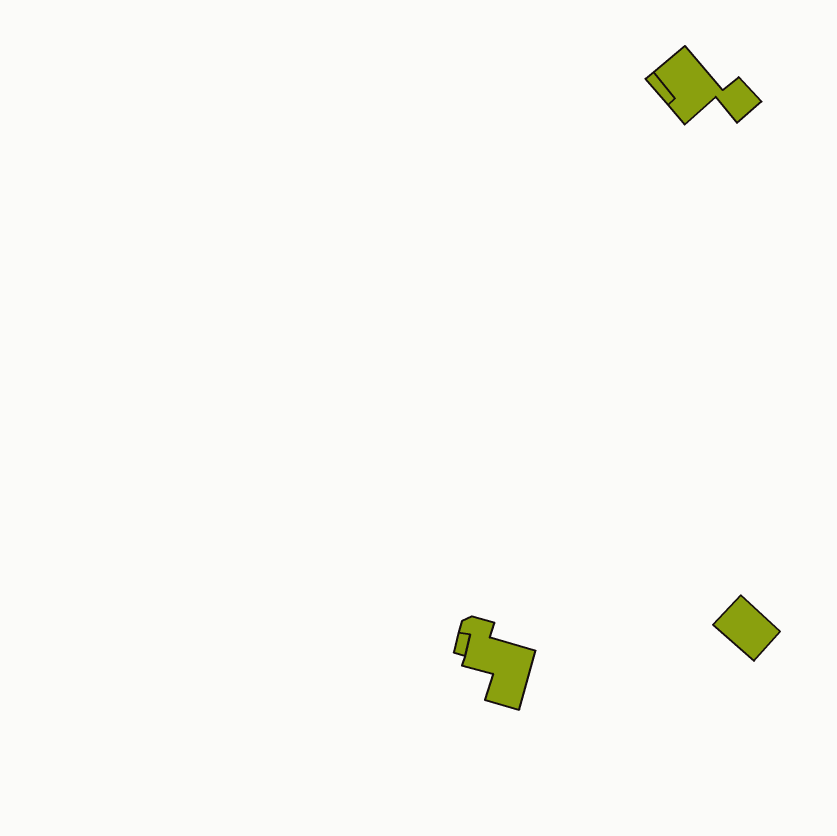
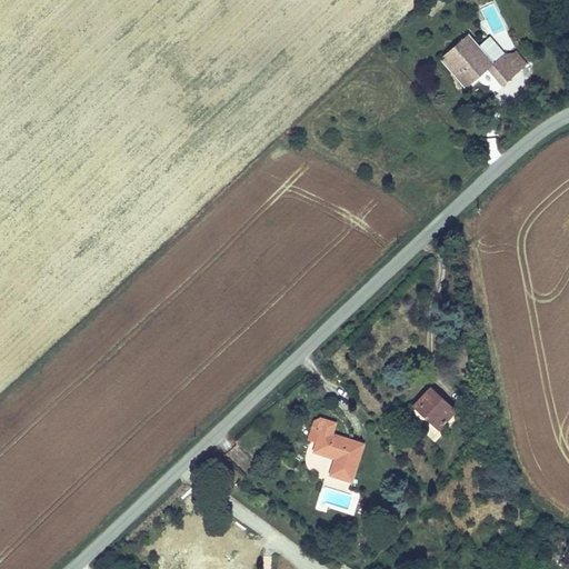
building: [713,595,780,661] -> [412,387,458,431]

